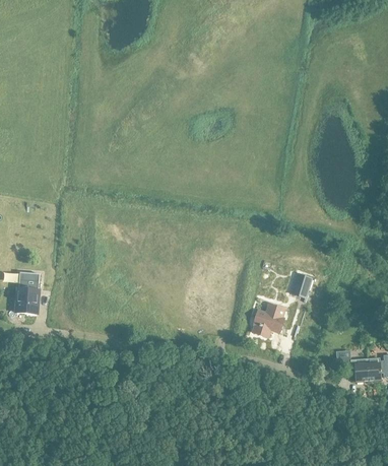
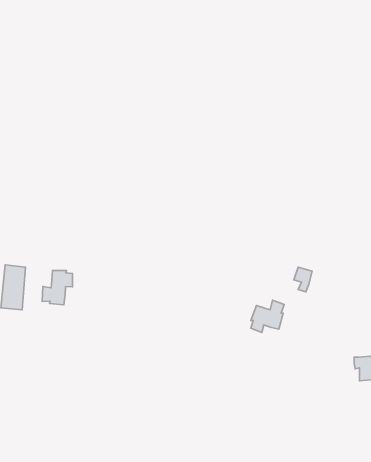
building: none -> [42,270,73,305]

